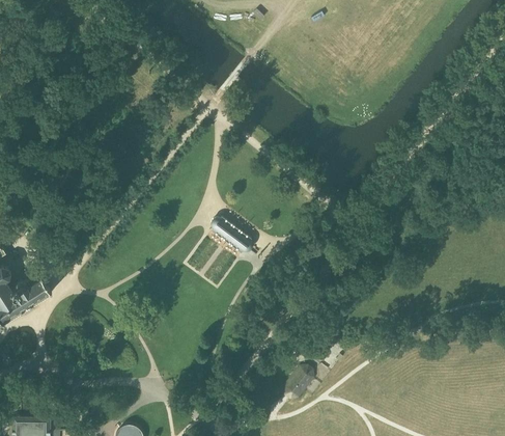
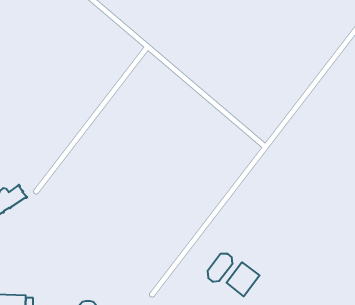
building: [211,216,252,252] -> none
building: none -> [227,262,260,296]

